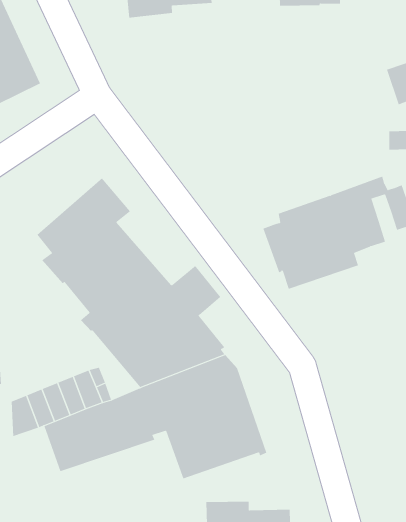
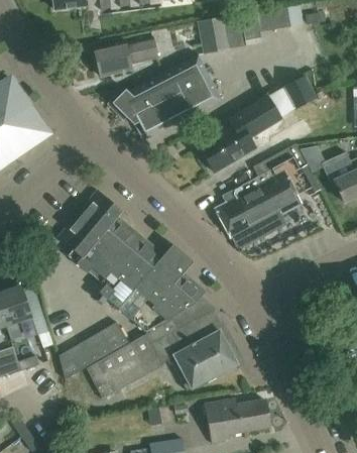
building: none -> [112,55,222,139]
building: none -> [200,96,282,172]

